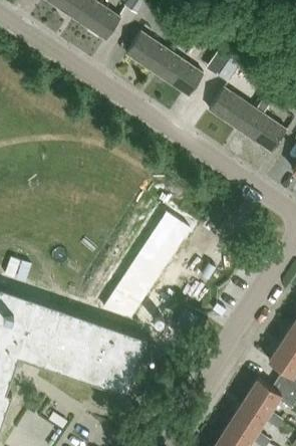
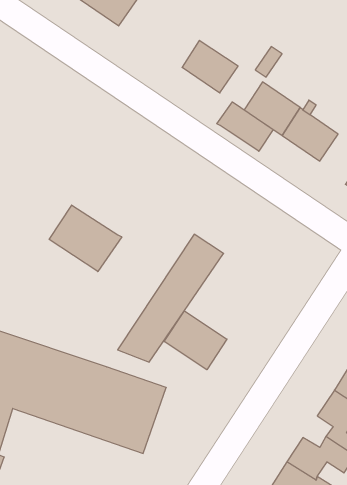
building: [125,32,172,75] -> none
building: none -> [217,102,273,151]
building: none -> [49,205,122,272]
building: none -> [164,311,227,370]

